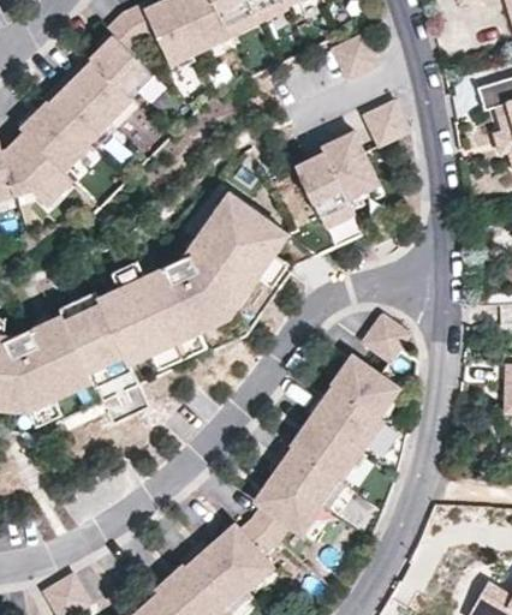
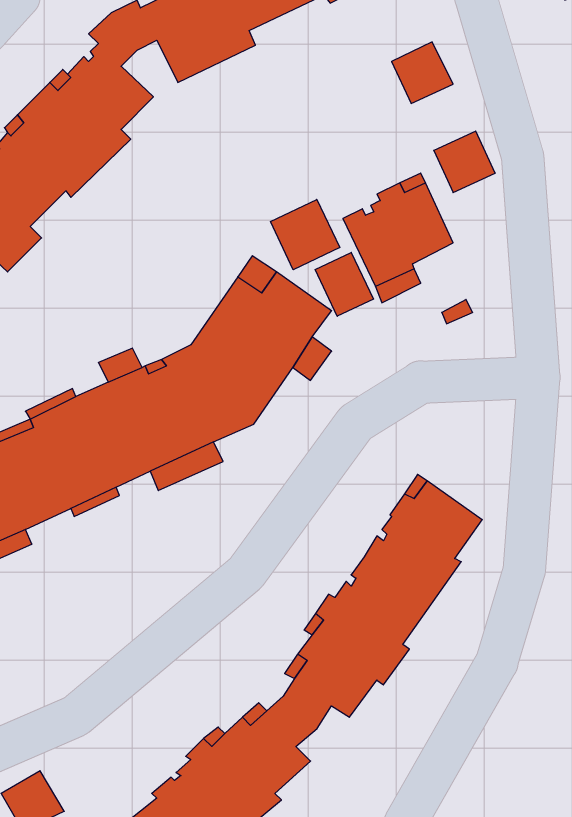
building: none -> [270,199,340,270]
building: none -> [315,252,373,316]
building: [361,315,409,362] -> none

